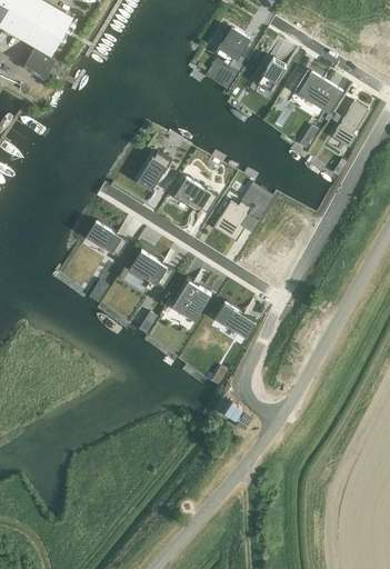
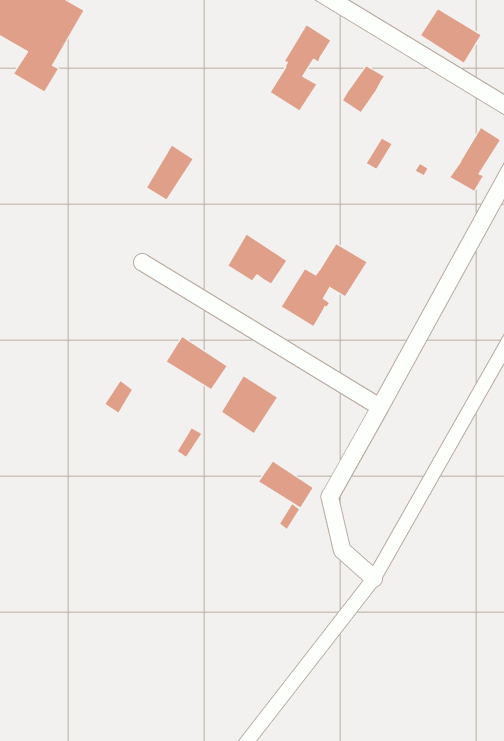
building: [294,72,338,111] -> [420,9,482,64]
building: [138,151,171,190] -> [146,145,193,200]
building: [87,221,128,254] -> none
building: [216,301,254,335] -> [258,461,313,508]

